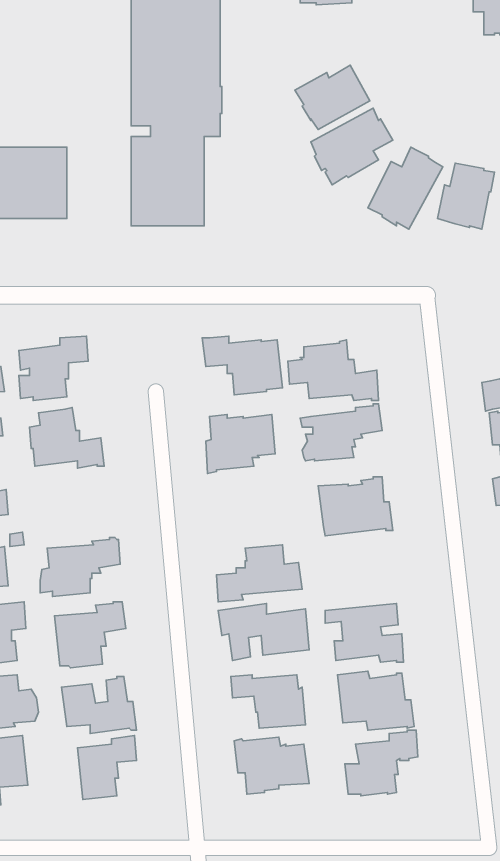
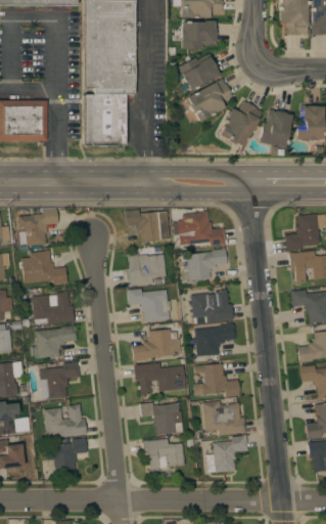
building: none -> [180,21,215,49]
building: none -> [127,289,171,322]
building: none -> [32,291,75,325]
building: none -> [194,323,236,362]

